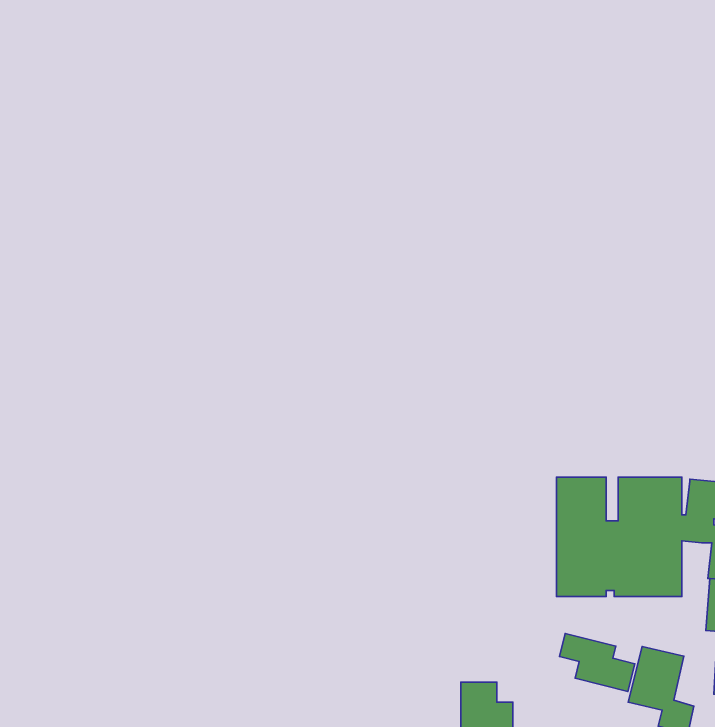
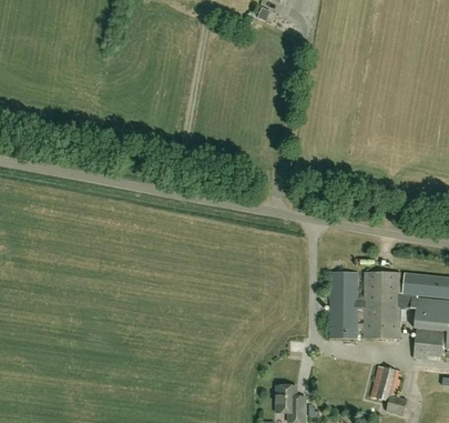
building: [559,633,635,691] -> none

